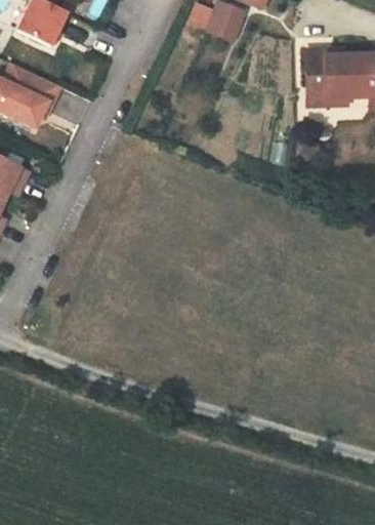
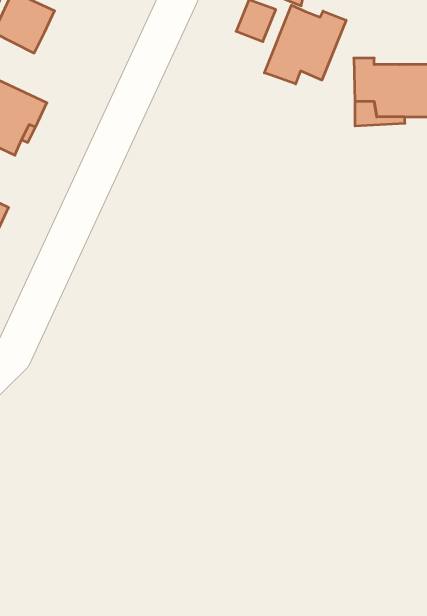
building: none -> [264,5,346,84]

